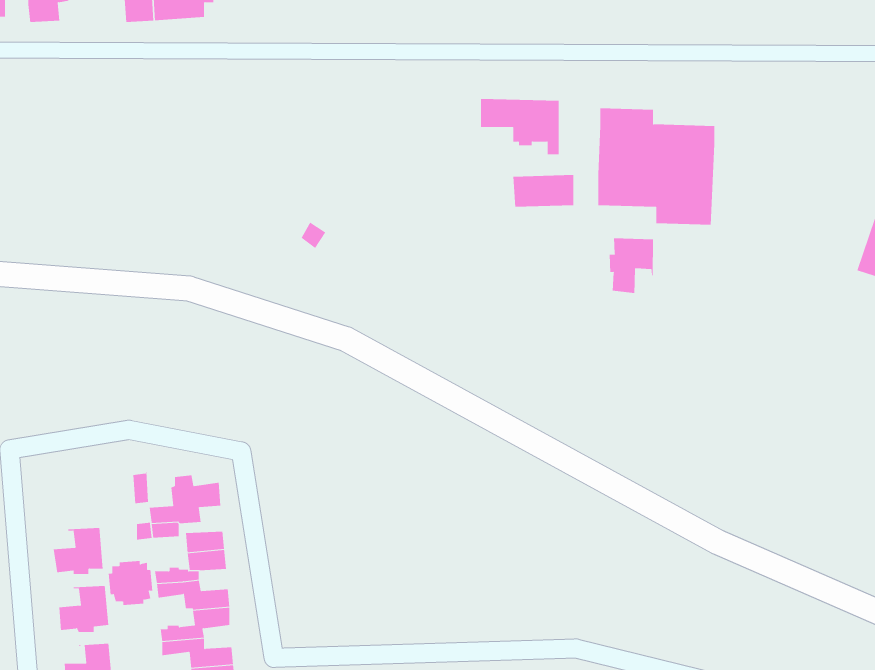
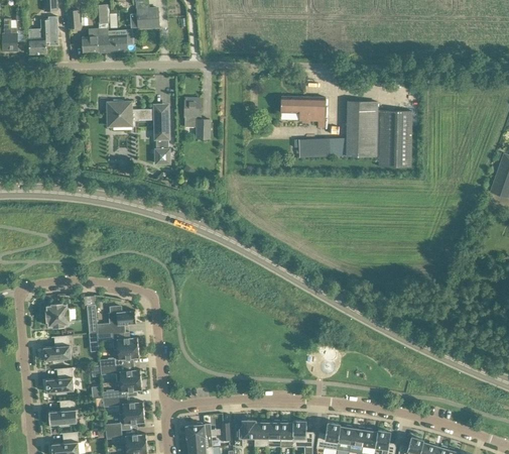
building: none -> [183,98,210,138]
building: none -> [107,99,169,162]
building: [609,237,653,294] -> none
building: [108,560,153,606] -> [44,303,70,328]

